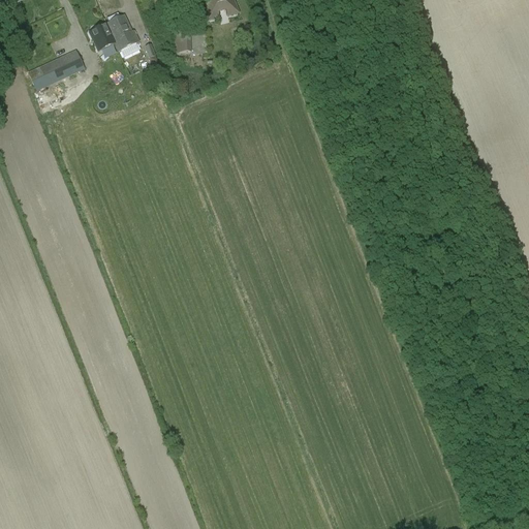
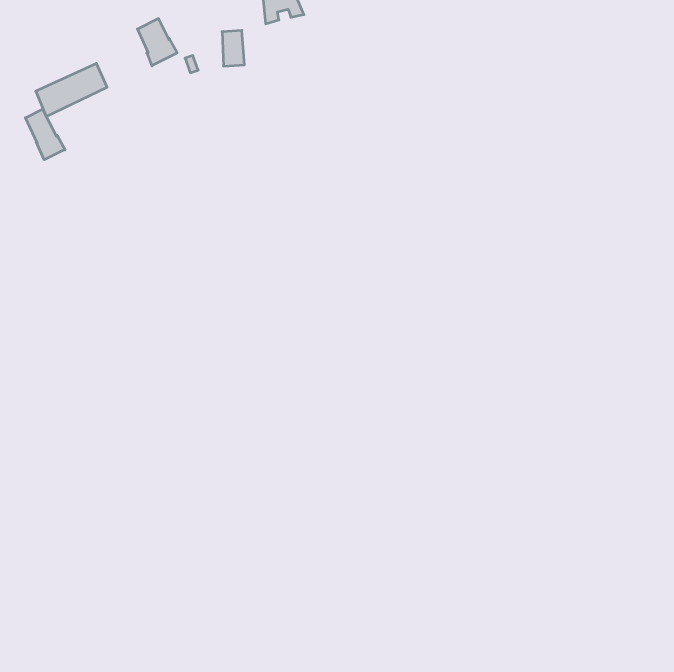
building: [89,23,120,52] -> none
building: none -> [25,109,65,160]

